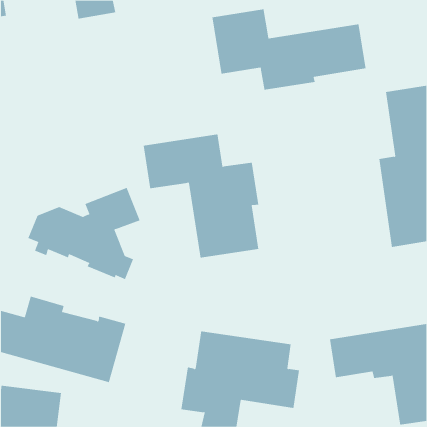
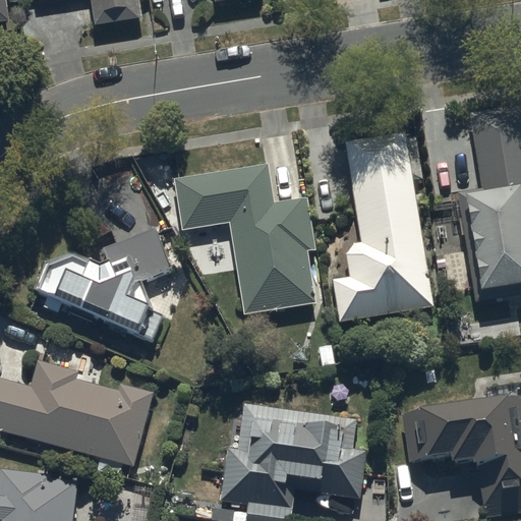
building: [212,8,366,91] -> none
building: none -> [332,131,433,322]

